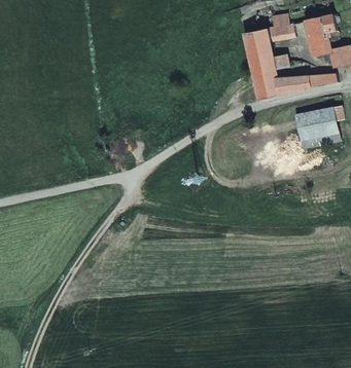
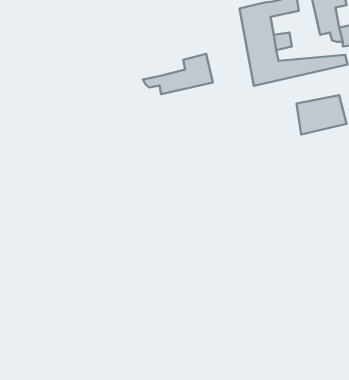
building: none -> [143,54,213,94]

